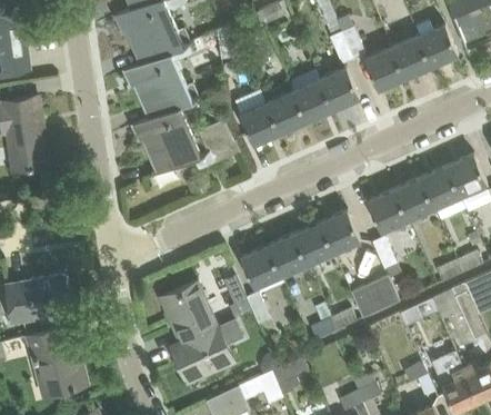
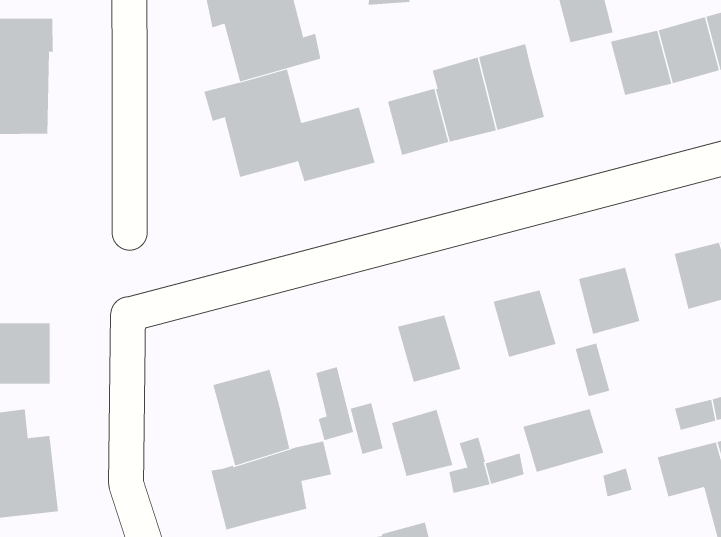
building: [319,69,359,111] -> none
building: [393,179,433,221] -> none
building: [292,224,333,266] -> none
building: [240,247,280,289] -> [391,409,453,477]

